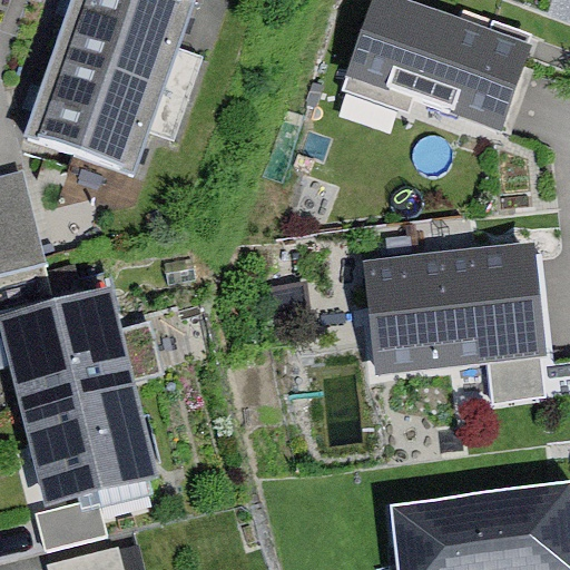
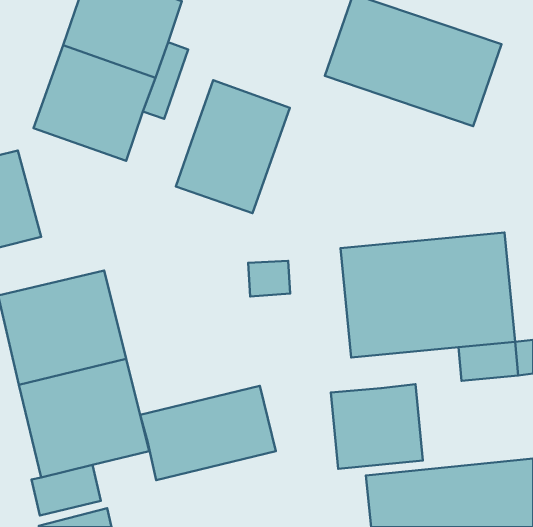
building: none -> [176,80,290,213]
building: none -> [331,384,423,469]
building: none -> [140,386,276,480]

